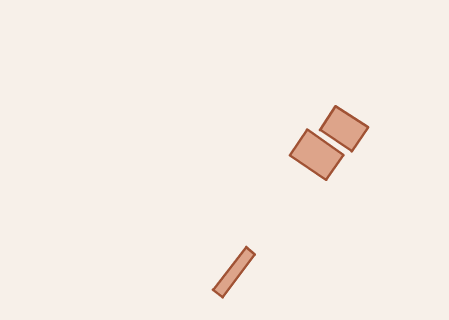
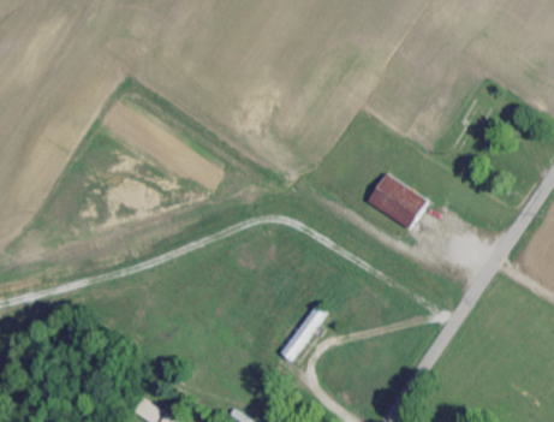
building: [320,106,368,151] -> none

